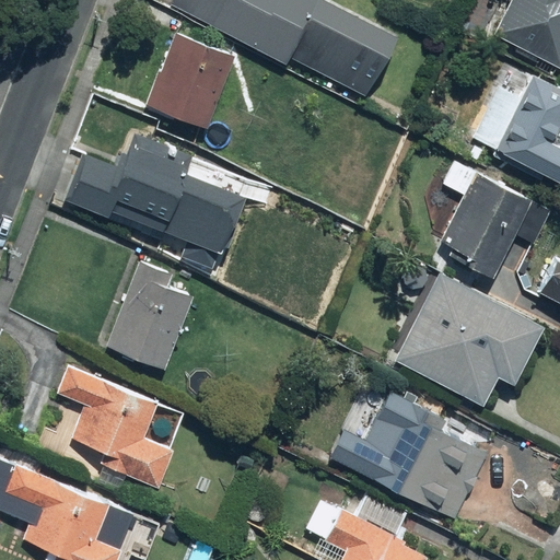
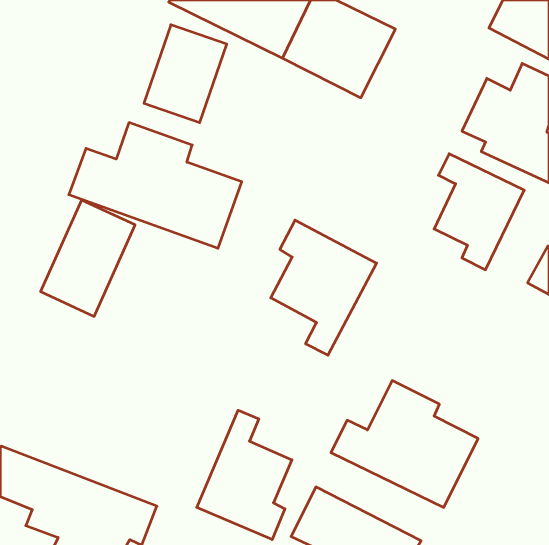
building: none -> [271,220,377,355]
building: [105,257,201,375] -> [41,200,135,316]
building: [397,269,547,405] -> none
building: [52,363,173,492] -> none
building: none -> [197,410,292,540]

